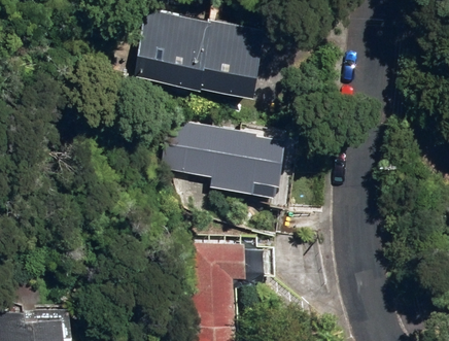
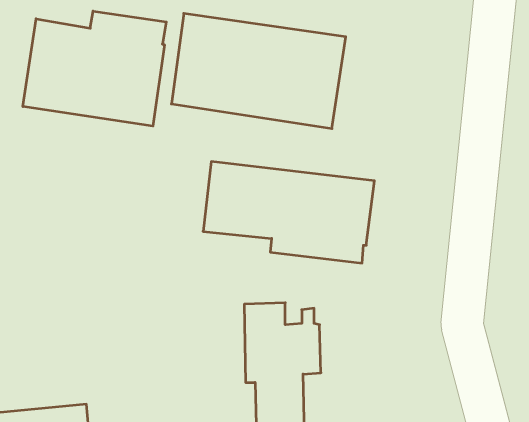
building: none -> [23,11,166,126]

